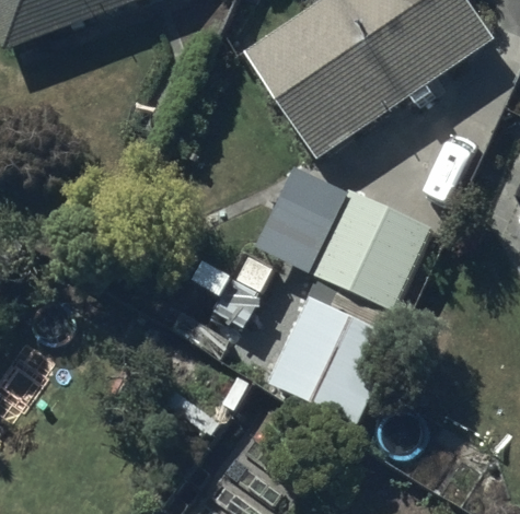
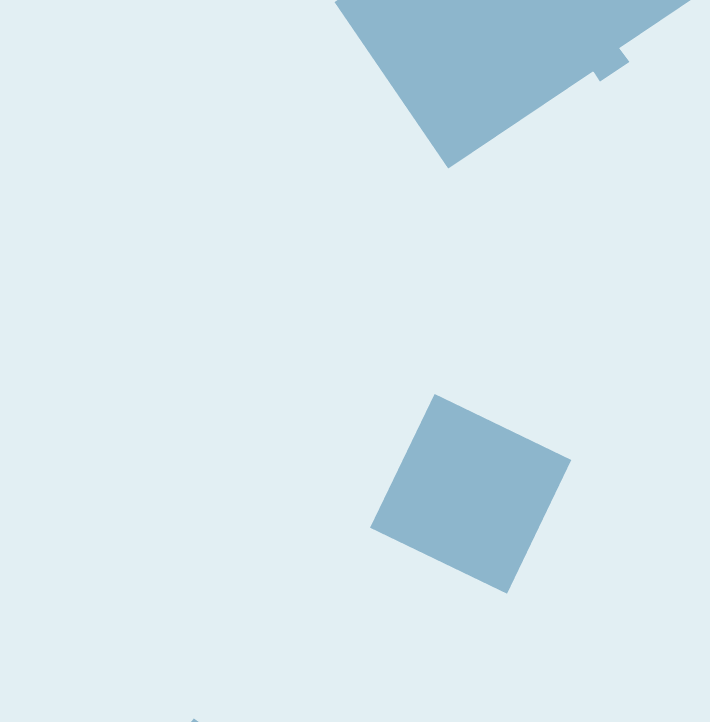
building: [256,168,430,312] -> none

